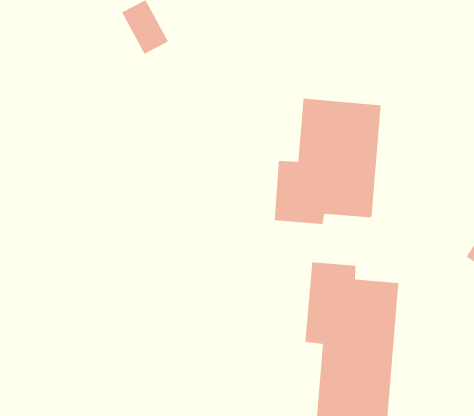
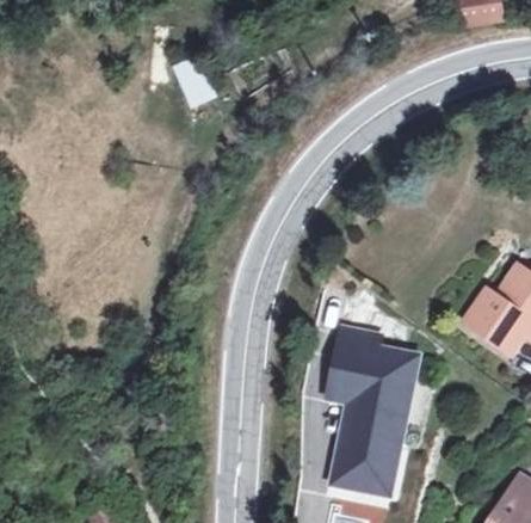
building: [274,98,381,225] -> none

